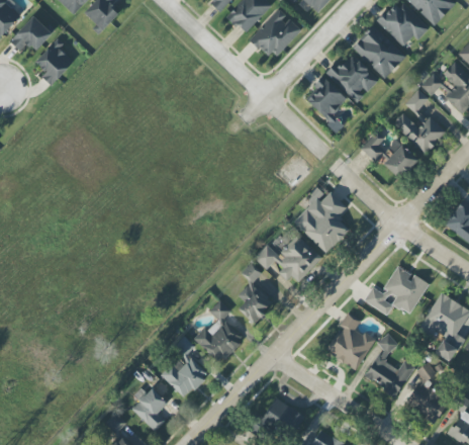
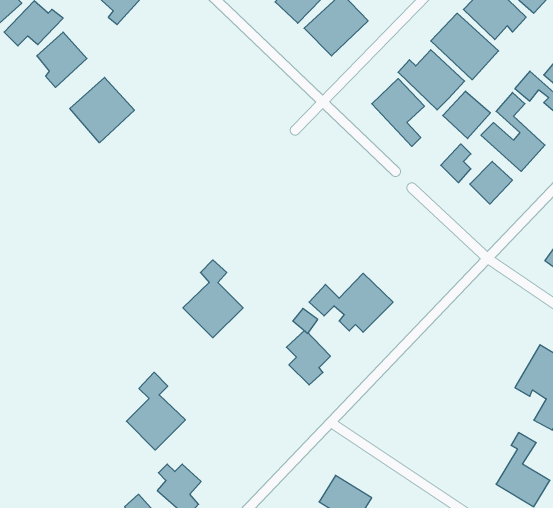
building: none -> [70,77,134,143]
building: none -> [443,91,490,139]
building: [294,187,351,253] -> none
building: [364,265,430,315] -> none
building: [196,300,245,363] -> [183,260,243,338]
building: [325,314,375,370] -> none
building: [365,334,414,395] -> none
building: [162,336,209,398] -> [126,372,185,450]

